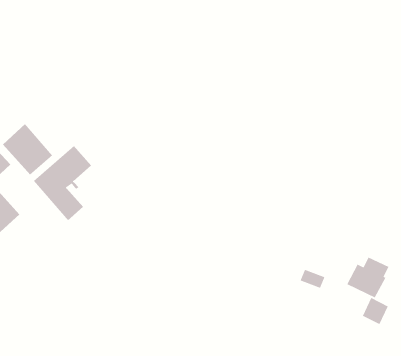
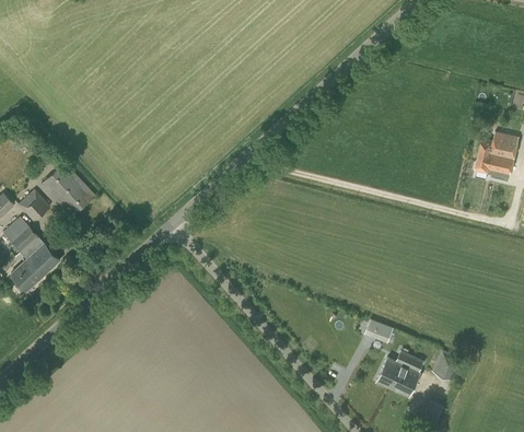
building: [33,145,92,221] -> none
building: [346,256,389,299] -> [376,350,423,396]

